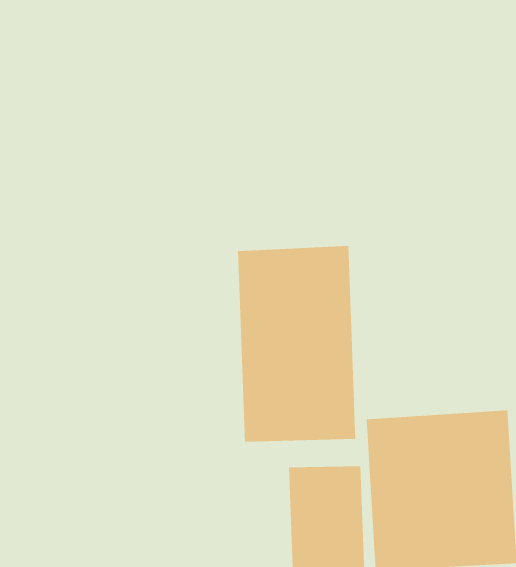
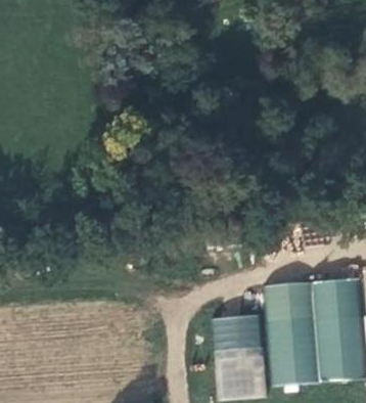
building: [237,245,356,443] -> none

